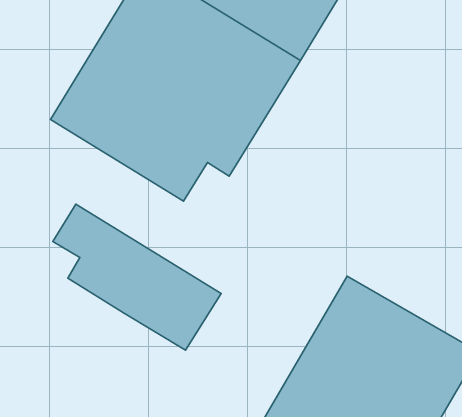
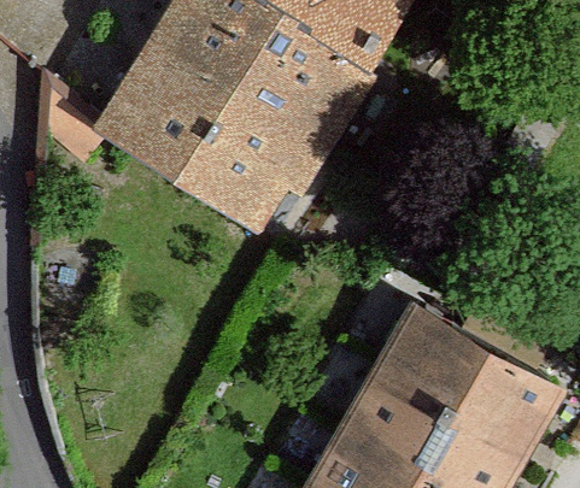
building: [53,204,221,350] -> none

